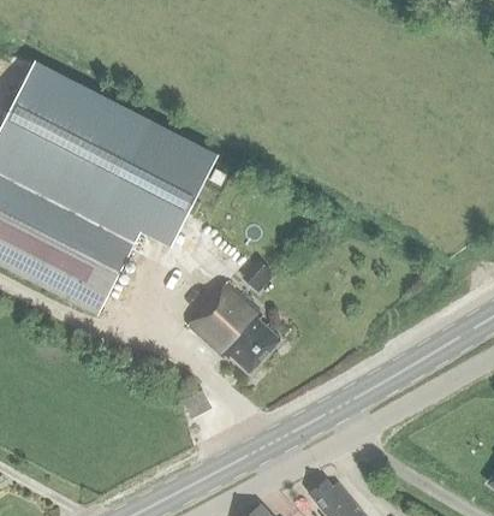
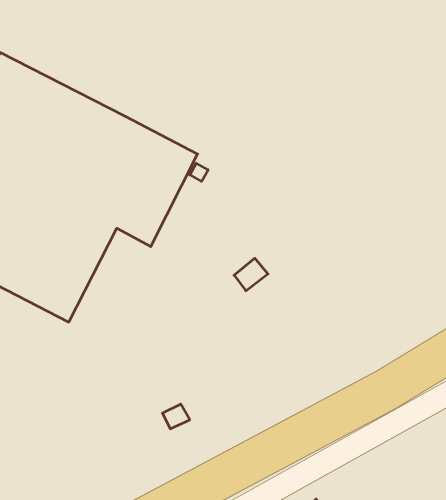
building: [186,280,280,373] -> none

